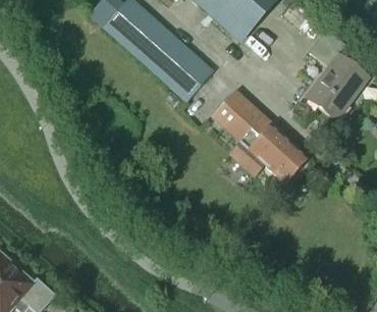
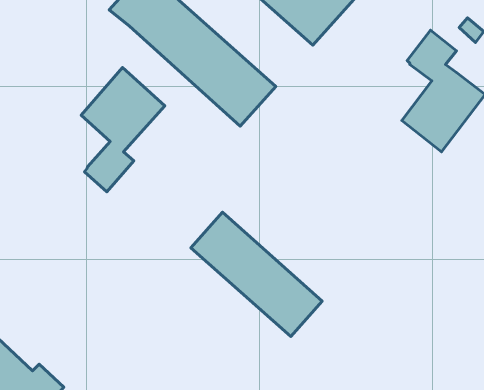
building: none -> [81,68,165,192]
building: [211,91,309,184] -> [191,212,322,337]

